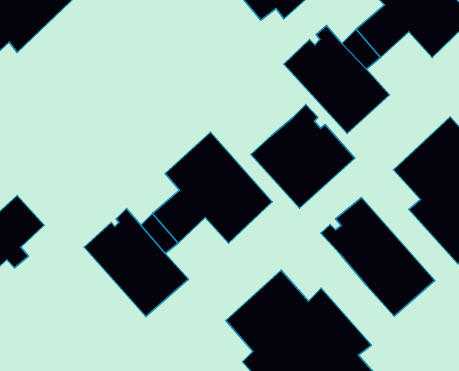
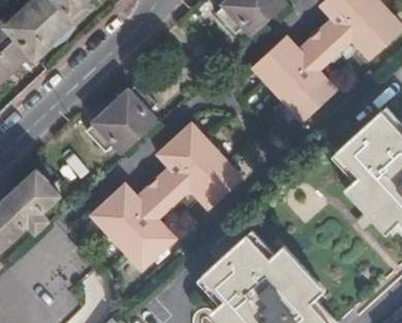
building: none -> [88,86,156,152]
building: [251,104,355,208] -> none
building: [321,197,435,316] -> none

